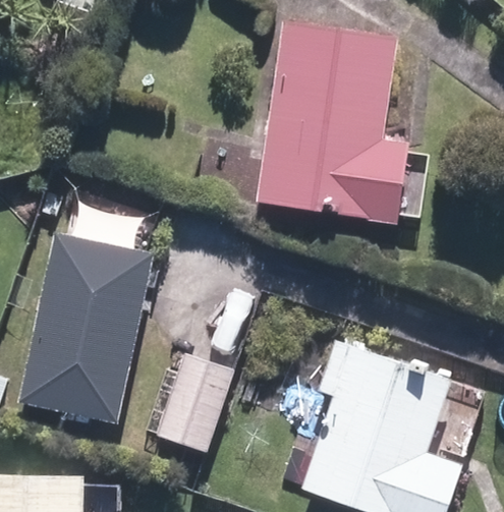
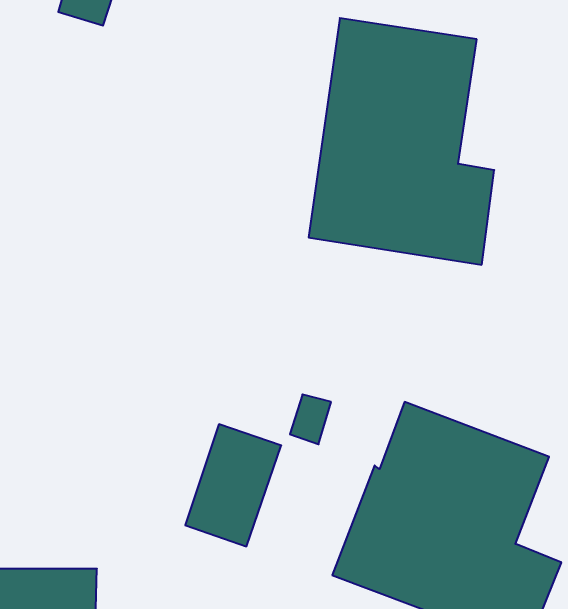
building: [19,231,154,423] -> none

